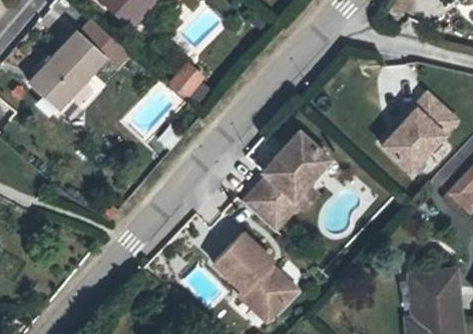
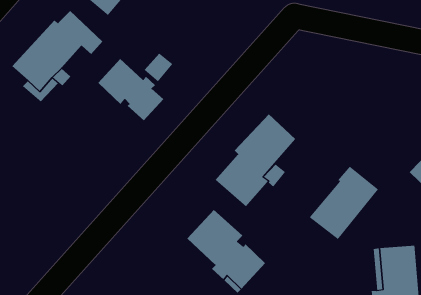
building: none -> [98,58,164,121]
building: [384,89,458,168] -> [309,166,379,240]

